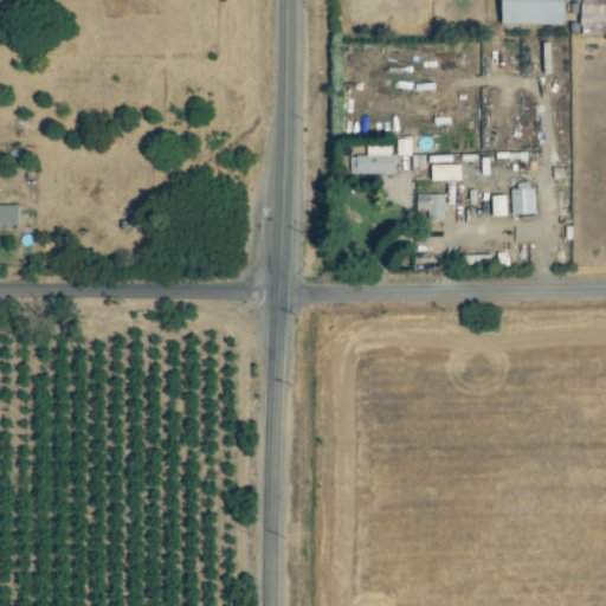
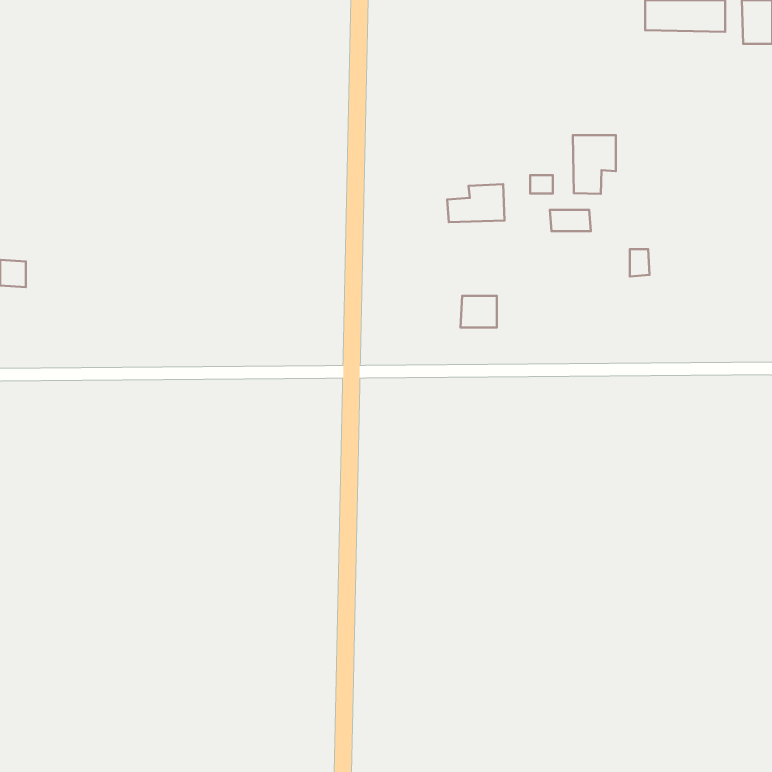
building: none -> [573,135,616,194]
building: [511,182,535,215] -> none
building: [417,194,445,219] -> [461,296,497,327]

